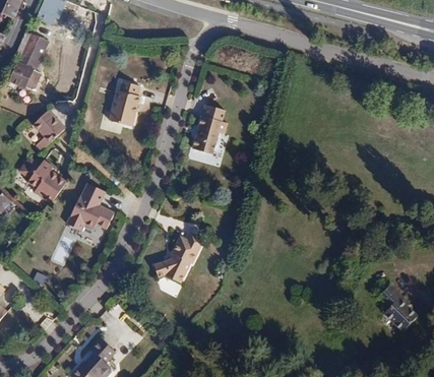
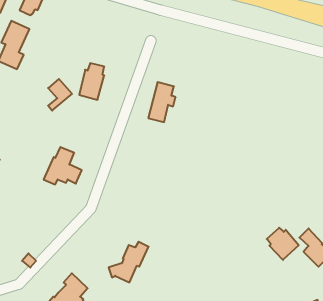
building: [28,112,58,150] -> [48,79,72,111]
building: [25,159,65,202] -> none
building: [157,233,205,282] -> [109,242,149,282]
building: none -> [267,228,299,260]

